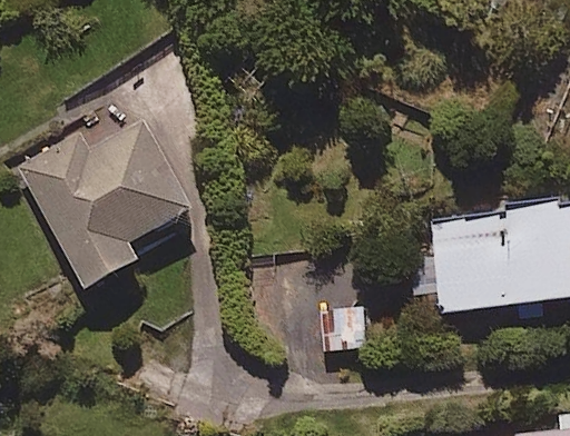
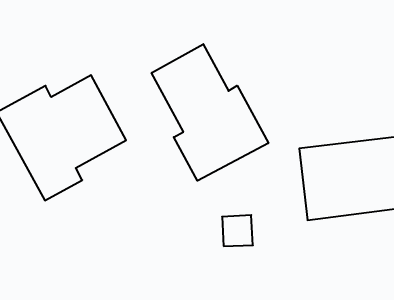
building: none -> [152,44,268,181]

